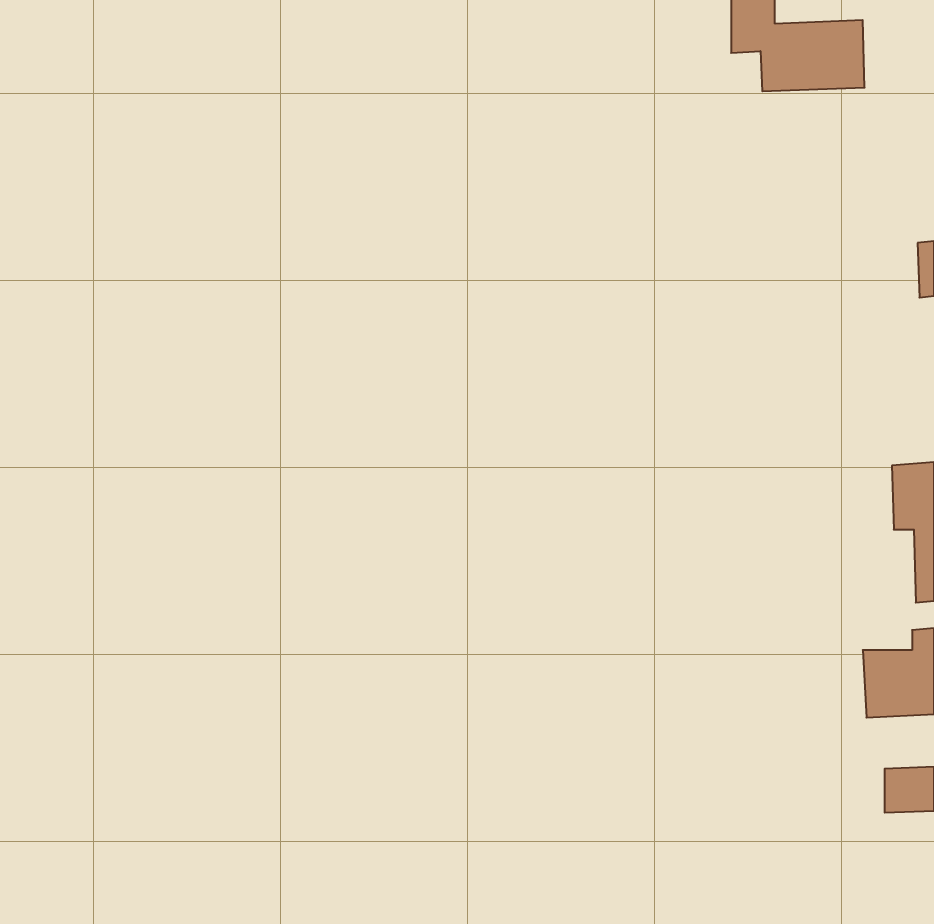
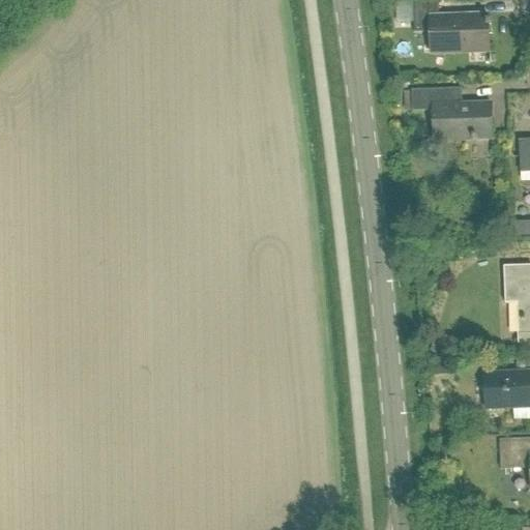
building: none -> [412,85,494,138]

